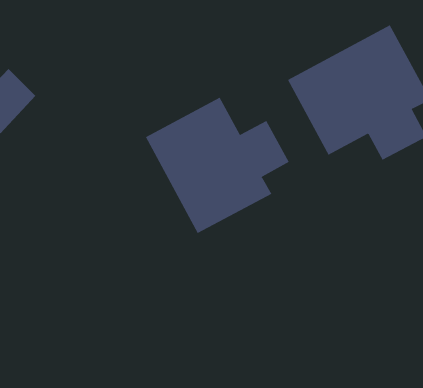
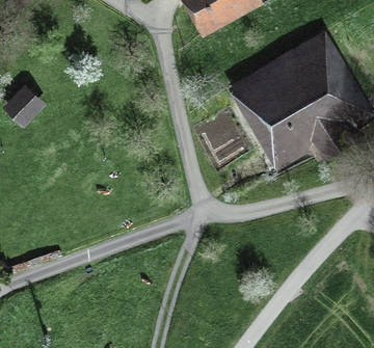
building: [145,97,290,234] -> none

